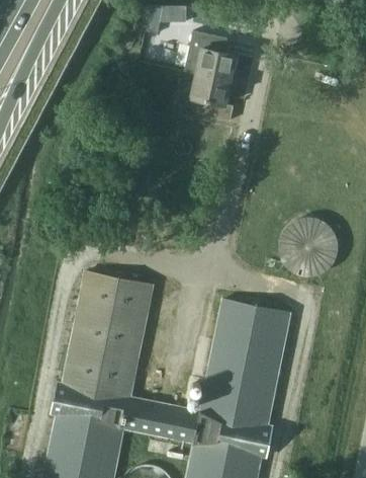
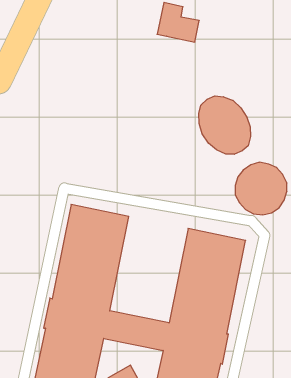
building: [192,72,232,120] -> none
building: none -> [199,96,251,154]

